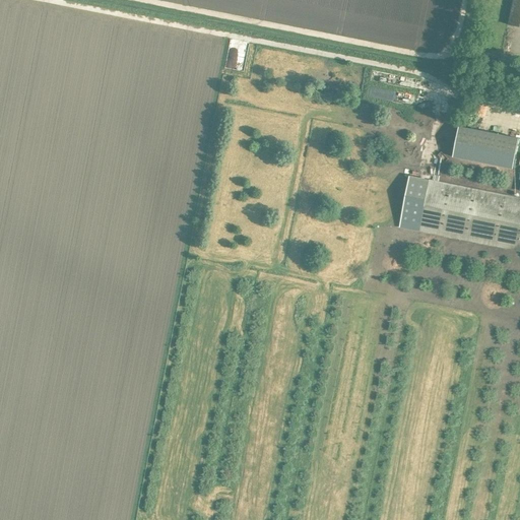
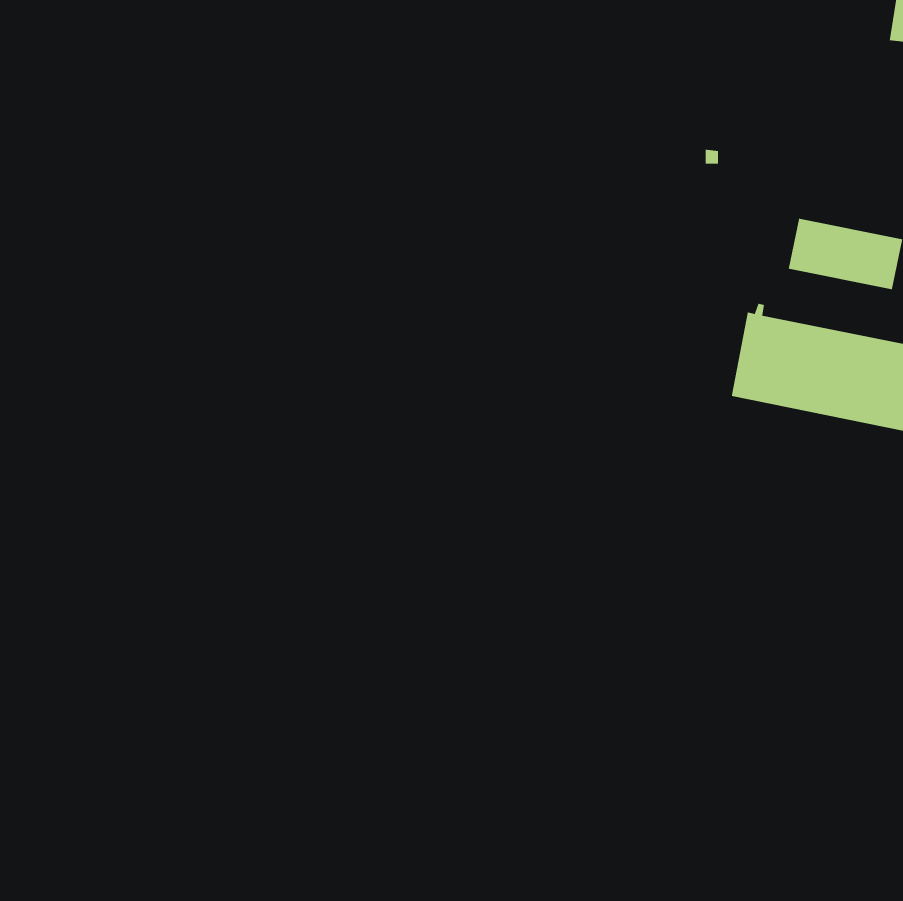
building: [397,175,430,226] -> none

